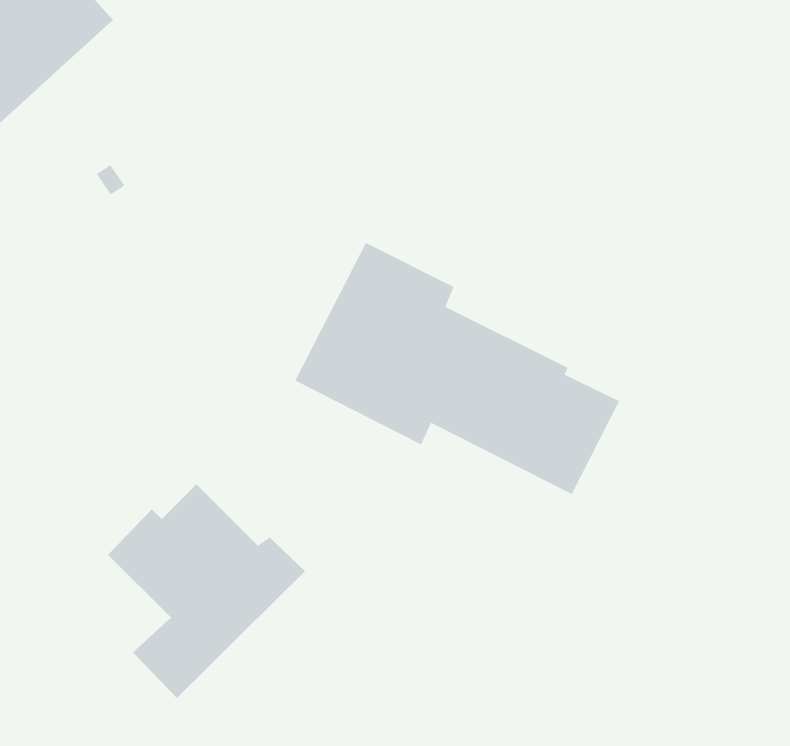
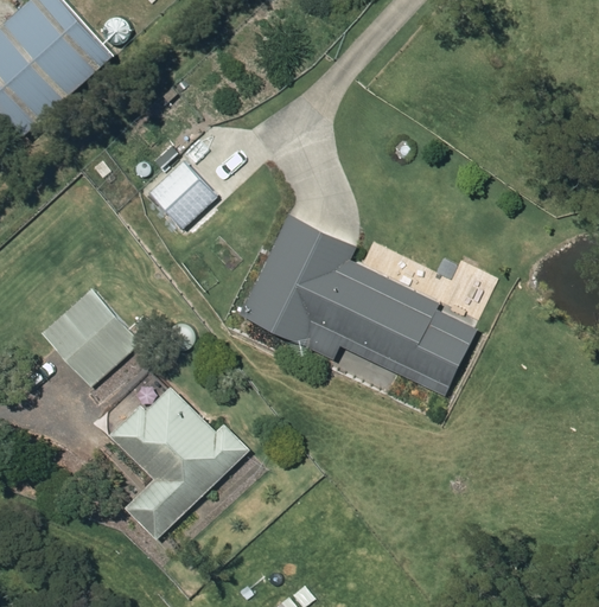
building: none -> [149,161,217,229]
building: none -> [39,288,139,388]

